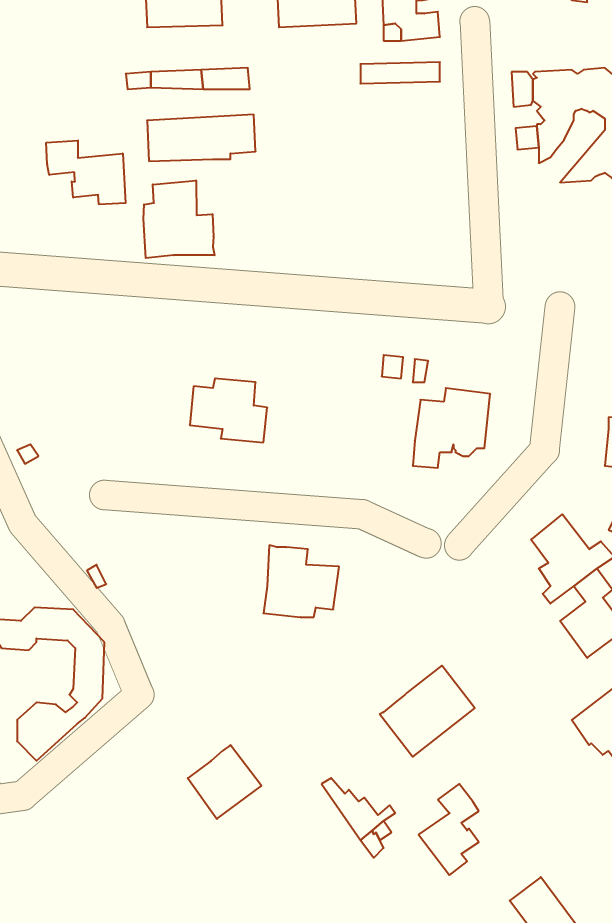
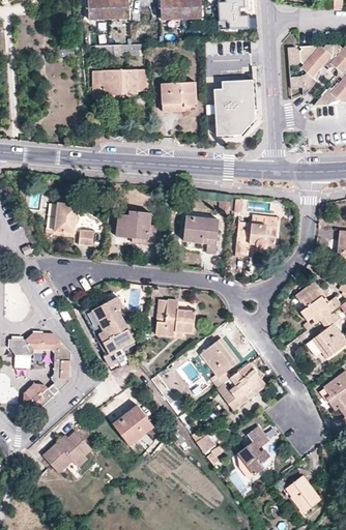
building: none -> [213,80,255,137]
building: none -> [161,83,195,108]
building: [46,140,126,204] -> none
building: [143,180,215,258] -> none
building: none -> [54,202,94,245]
building: none -> [183,215,219,254]
building: none -> [87,296,133,365]
building: none -> [201,338,239,388]
building: none -> [42,431,92,472]

